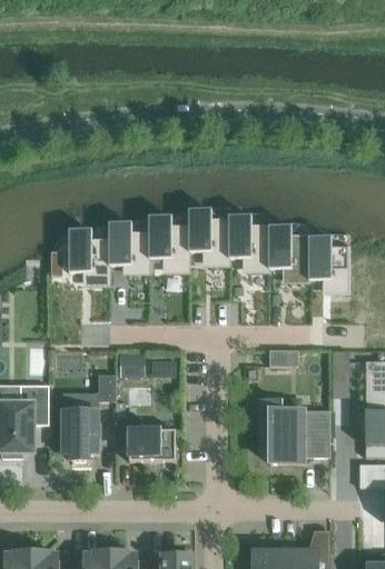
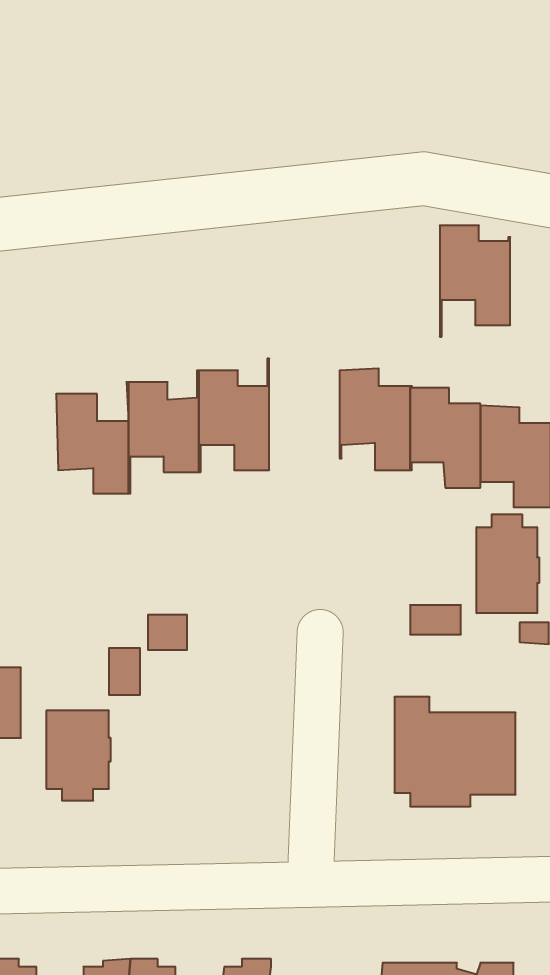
building: [189,209,229,272] -> [440,225,510,337]
building: none -> [477,514,539,613]
building: [116,416,176,460] -> none

